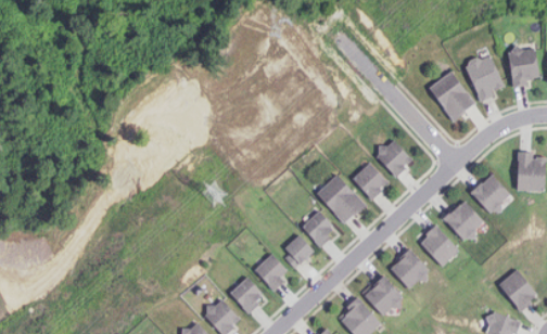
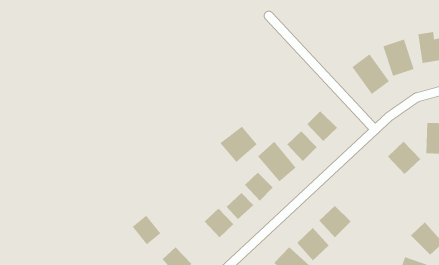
building: none -> [220,126,257,163]
building: [443,201,485,243] -> none
building: [418,226,459,267] -> none
building: [230,278,265,313] -> [132,215,161,245]

